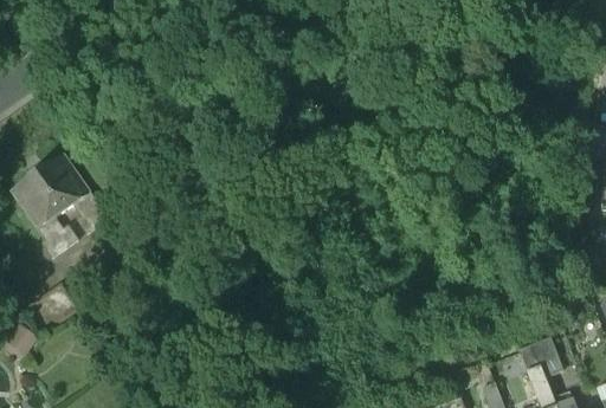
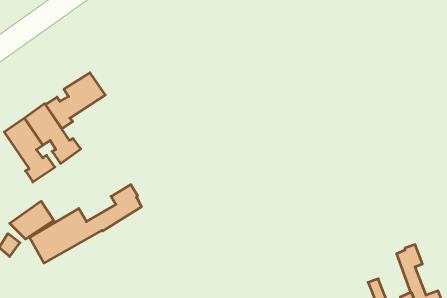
building: none -> [45,73,105,129]
building: none -> [29,185,141,263]

